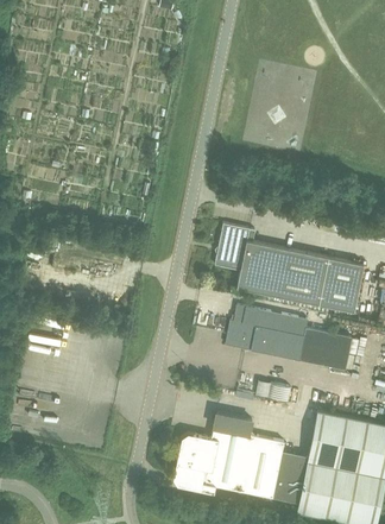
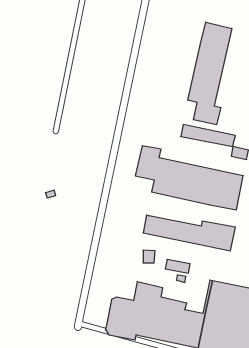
building: none -> [188,22,232,125]
building: [233,305,309,336] -> [181,124,235,147]

